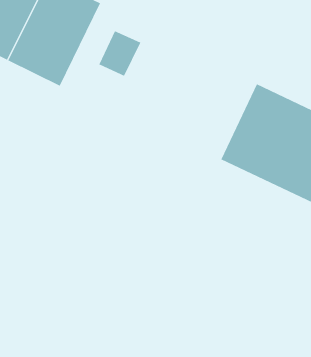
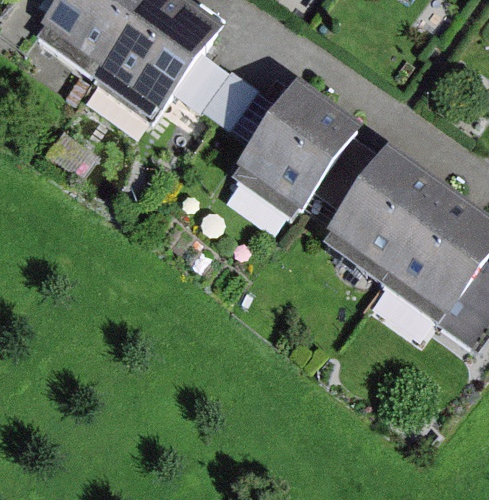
building: none -> [240,88,358,211]

